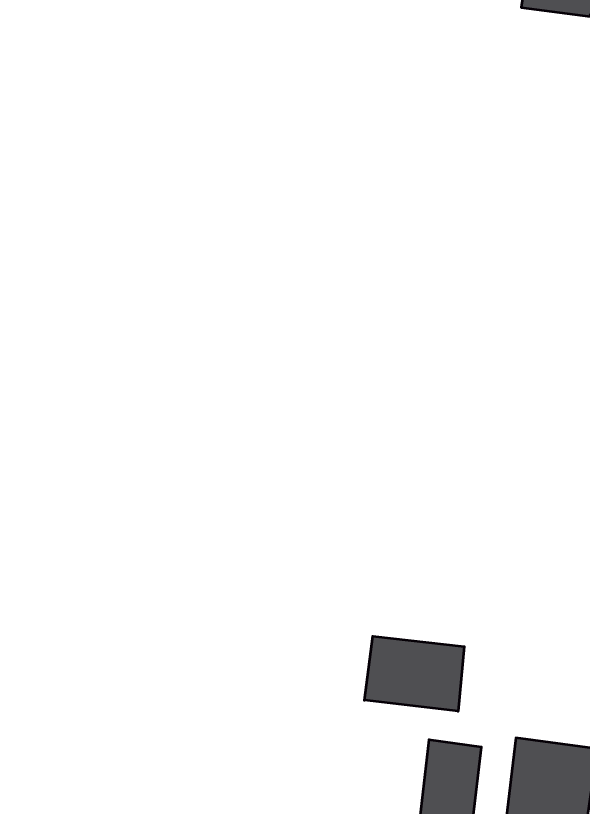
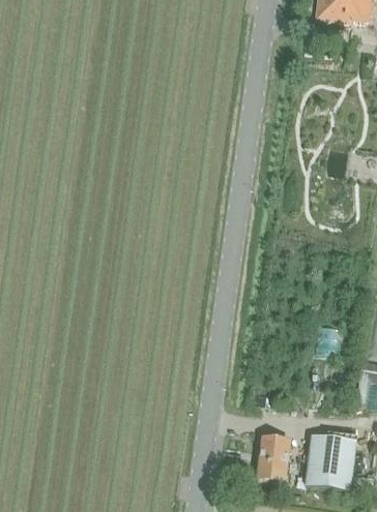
building: [364,636,464,711] -> none

